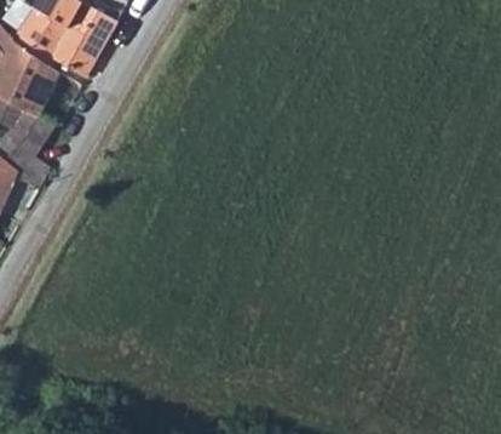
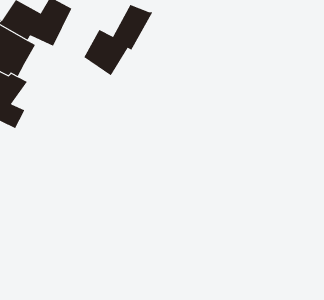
building: none -> [83,4,153,76]

